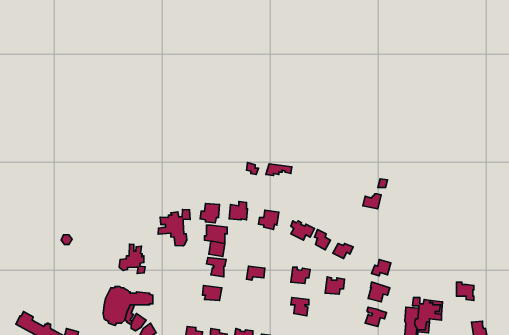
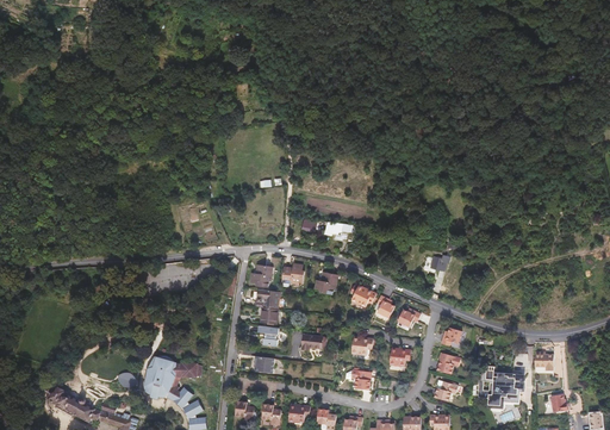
building: [158,210,190,246] -> none
building: [119,244,145,274] -> none

